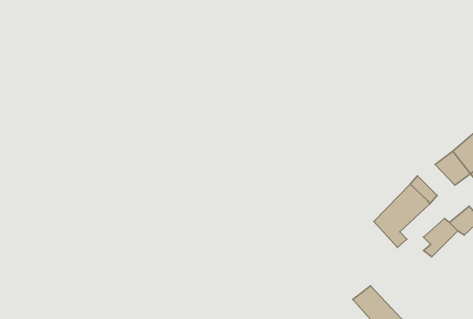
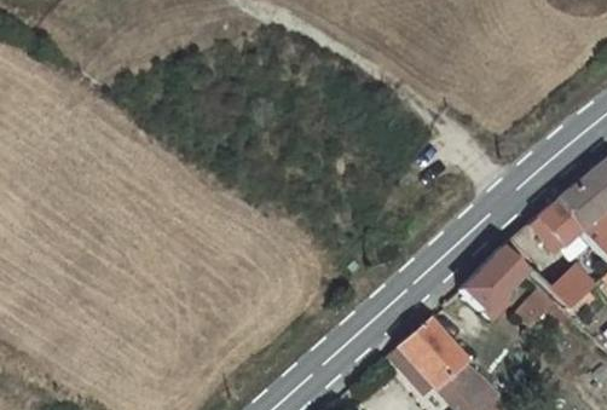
building: none -> [397,318,463,385]

